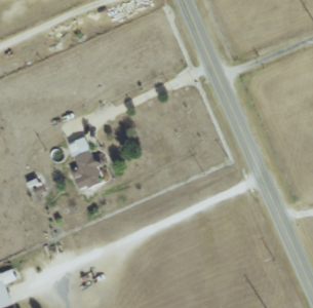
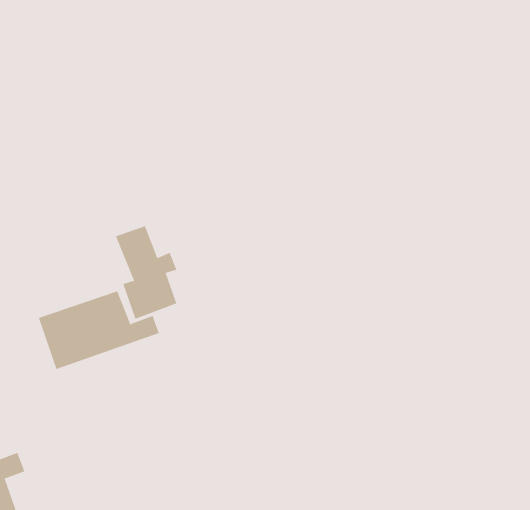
building: none -> [38,291,160,370]

